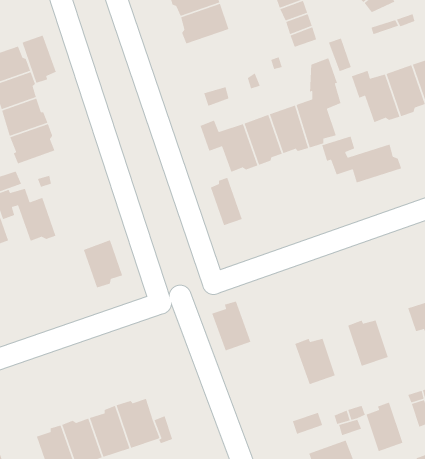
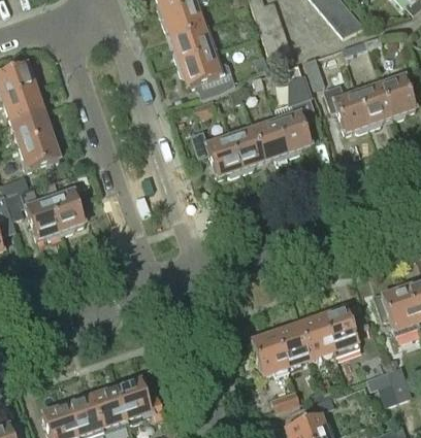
building: none -> [176,50,234,99]
building: [22,35,57,84] -> none
building: [321,136,402,184] -> none
building: [210,177,243,226] -> none
building: [83,239,123,289] -> [48,191,85,235]
building: [211,301,252,351] -> [251,331,287,376]
building: [365,401,403,452] -> [299,314,333,360]

